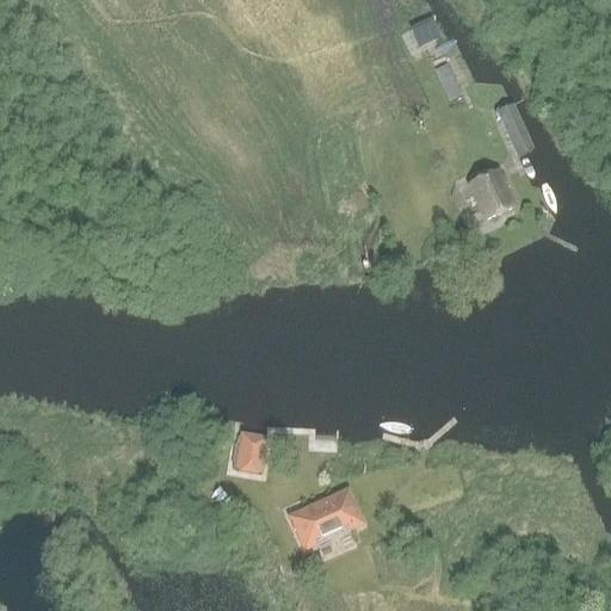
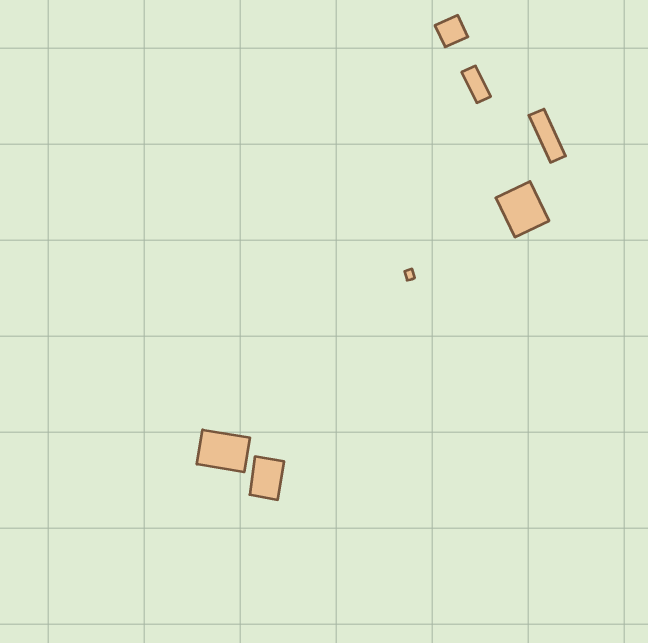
building: none -> [197,430,250,472]
building: [288,486,365,550] -> none

